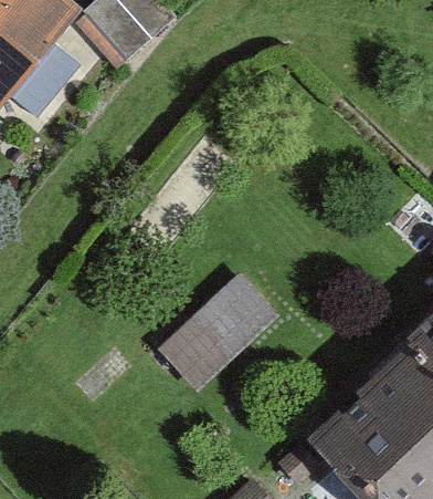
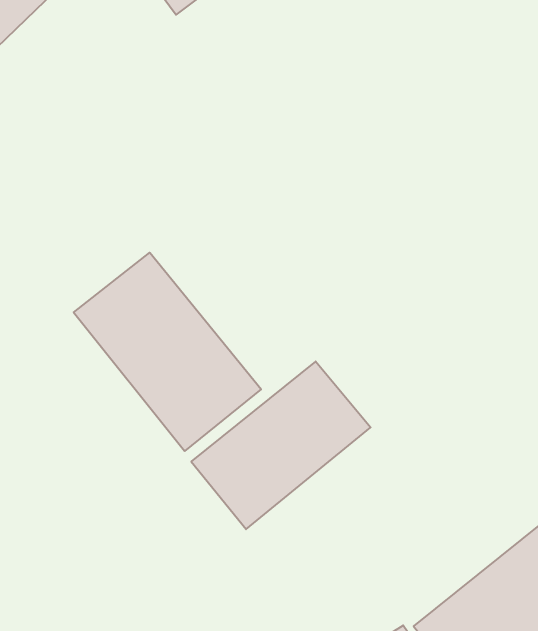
building: none -> [74,253,261,451]

